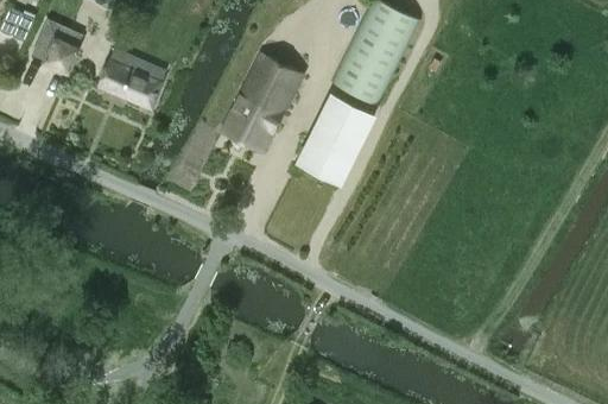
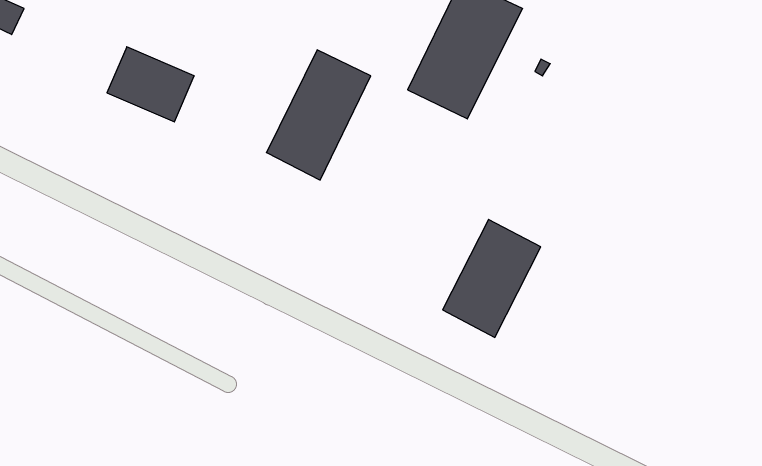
building: [32,19,83,70] -> none
building: [298,91,374,183] -> [443,219,541,337]

